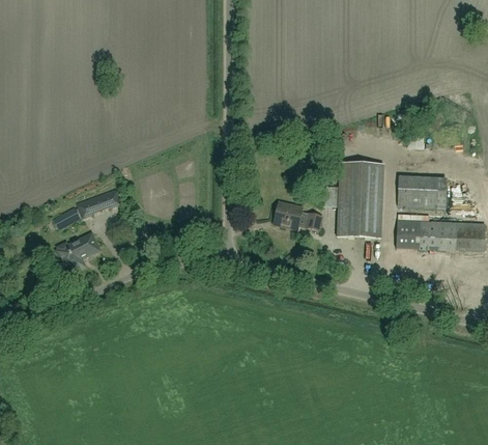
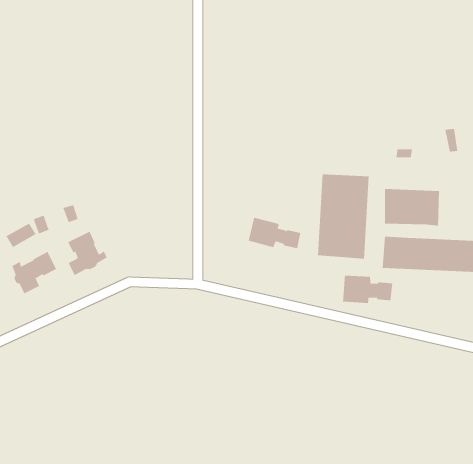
building: none -> [68,231,107,276]
building: none -> [343,275,393,304]

